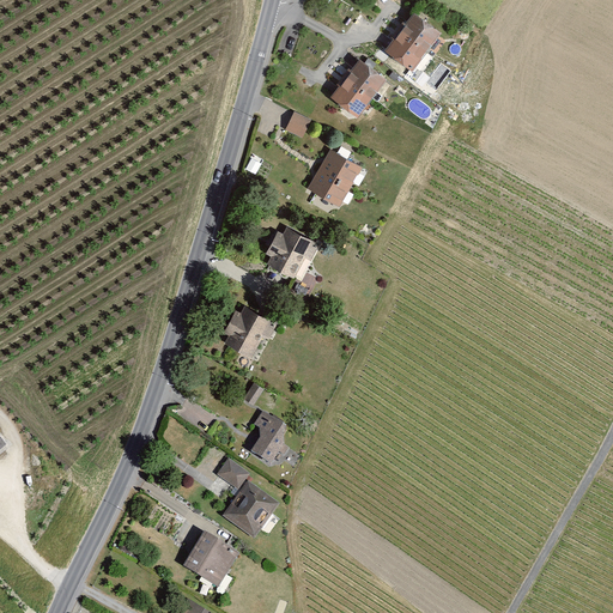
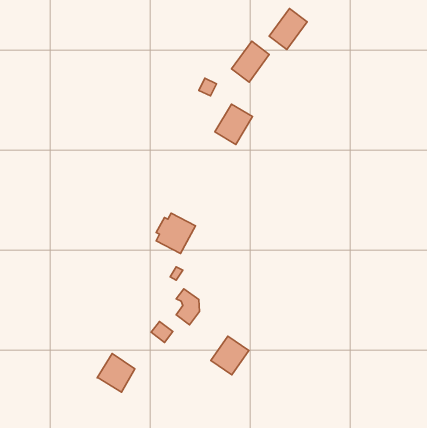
building: [263,226,320,280] -> none
building: [223,482,277,538] -> [211,336,249,375]
building: [182,533,236,588] -> [97,354,135,392]

